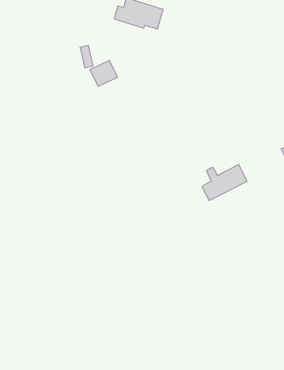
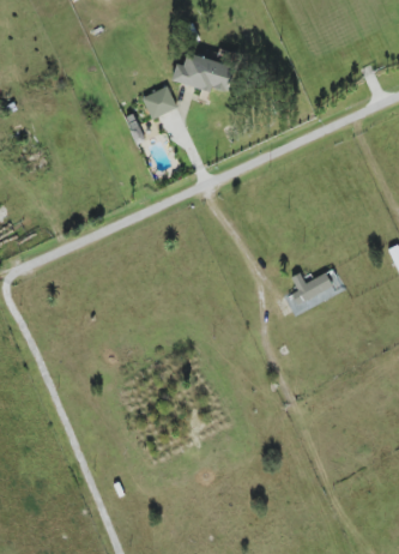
building: [90,60,118,86] -> [141,85,177,119]

